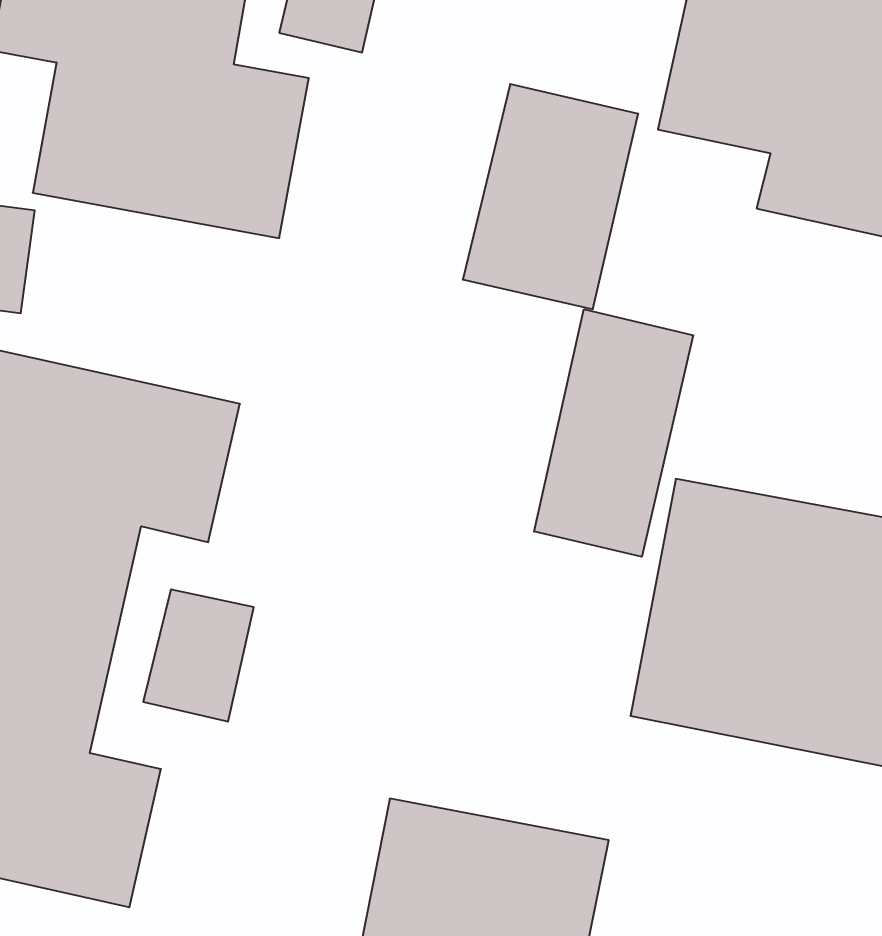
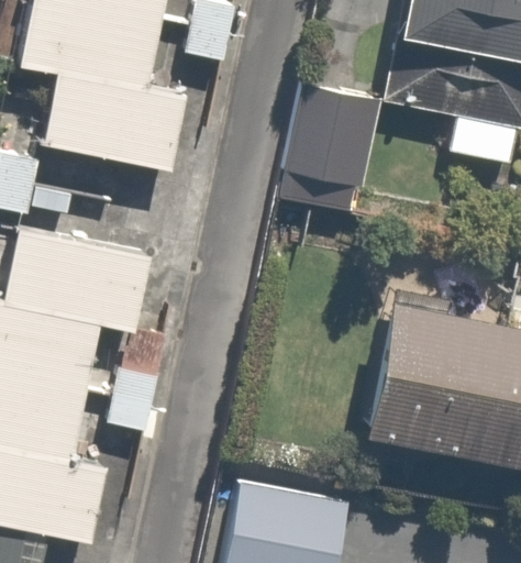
building: [534,309,693,557] -> none

